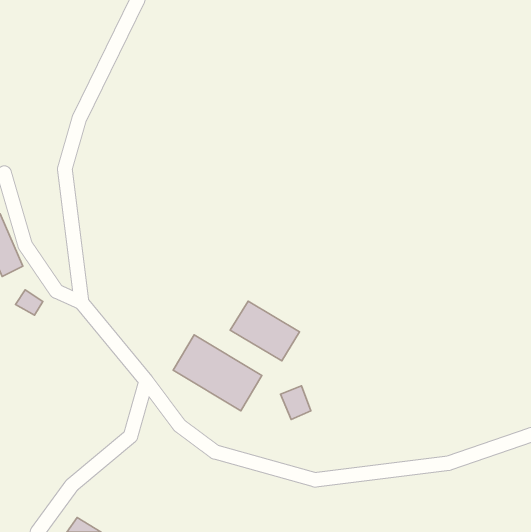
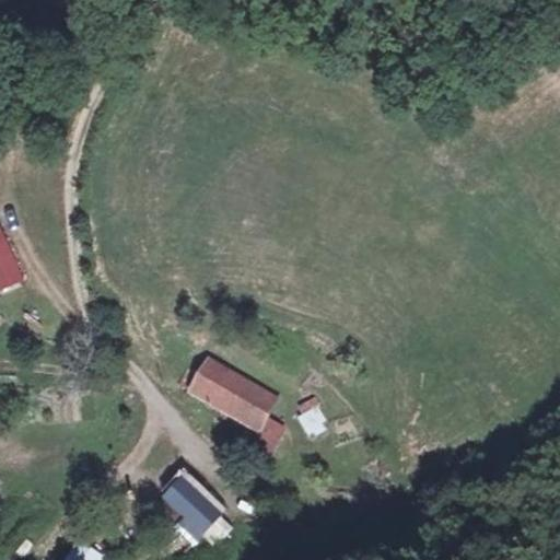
building: [230,301,299,361] -> none
building: none -> [161,478,223,538]

